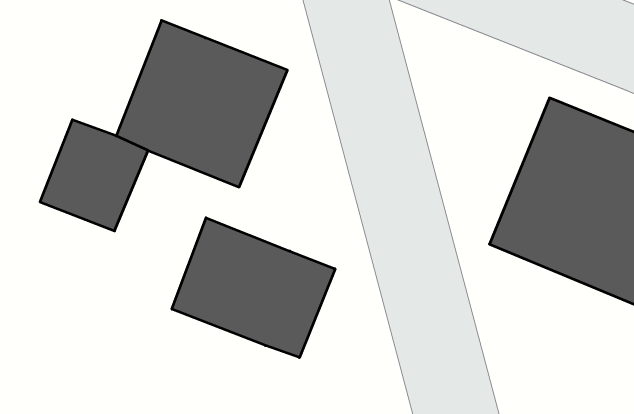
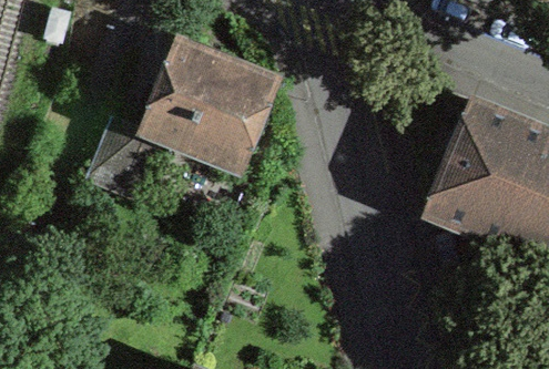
building: [172,218,335,358] -> none

